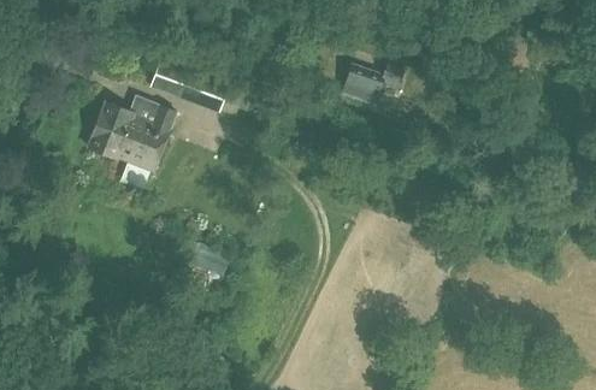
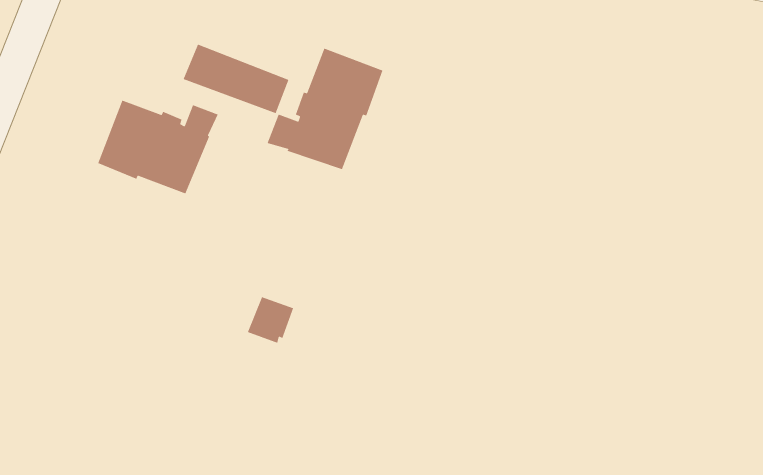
building: [342,61,405,102] -> none
building: none -> [266,47,383,170]

